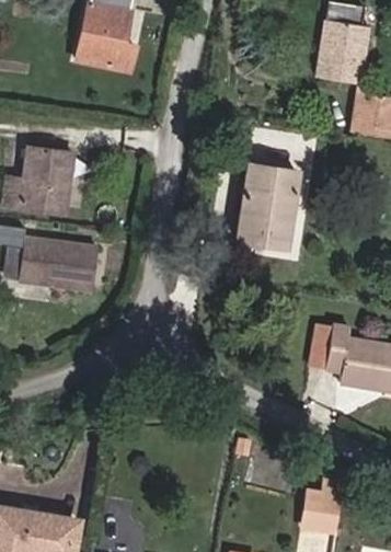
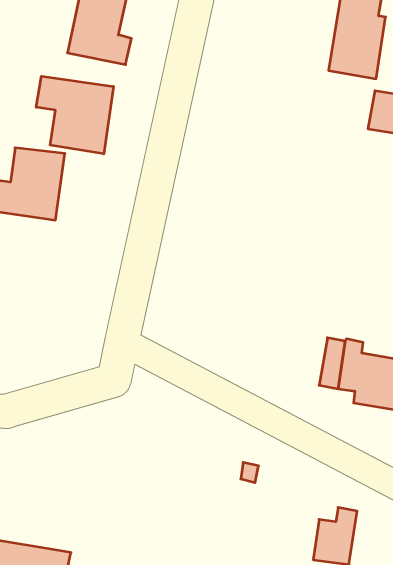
building: none -> [36,76,113,154]
building: [235,162,297,248] -> none
building: [19,237,97,290] -> none

